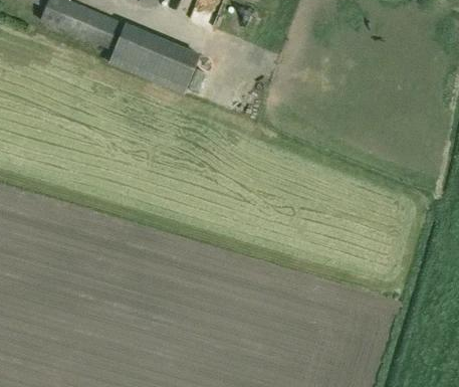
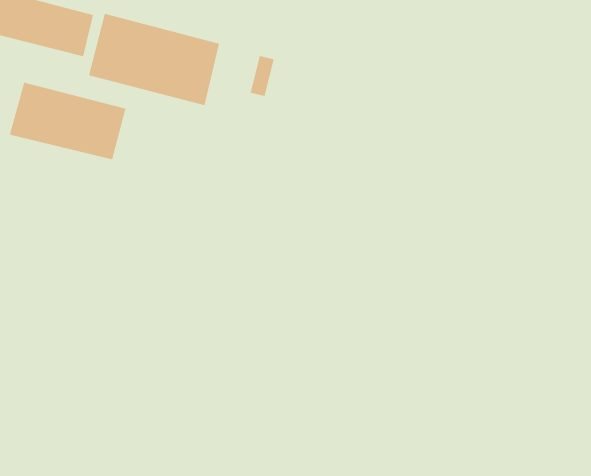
building: none -> [9,82,126,160]

